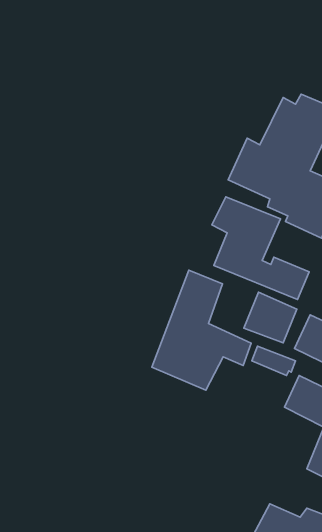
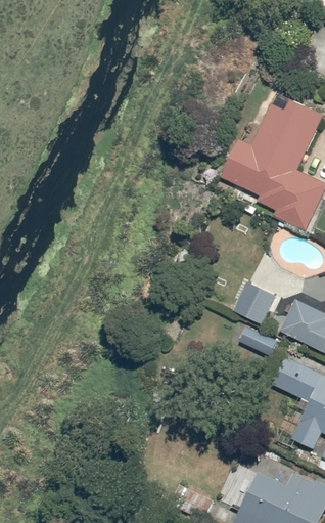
building: [212,197,309,299] -> none
building: [152,270,251,390] -> none

